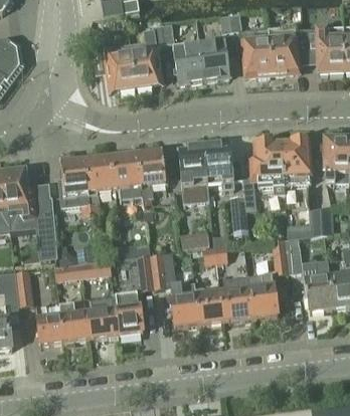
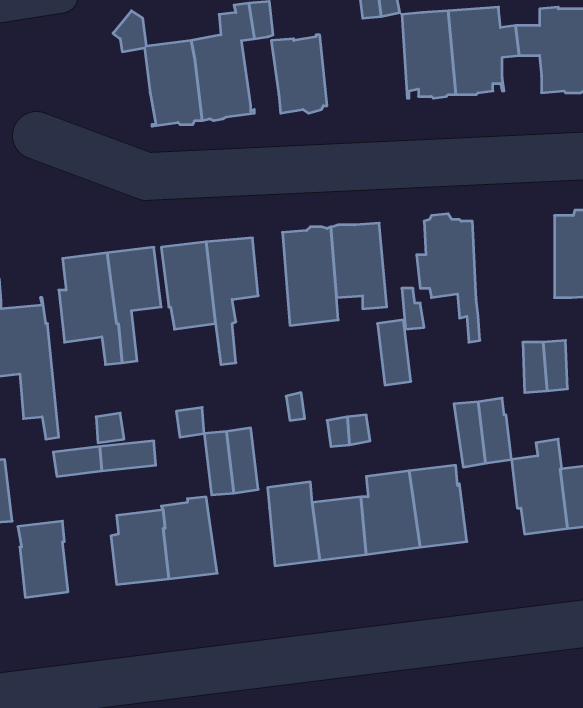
building: [198,38,229,80] -> none
building: [281,136,310,184] -> none
building: [59,301,89,342] -> none

